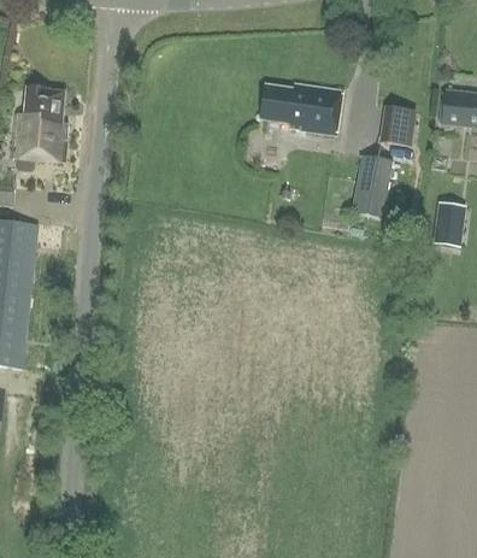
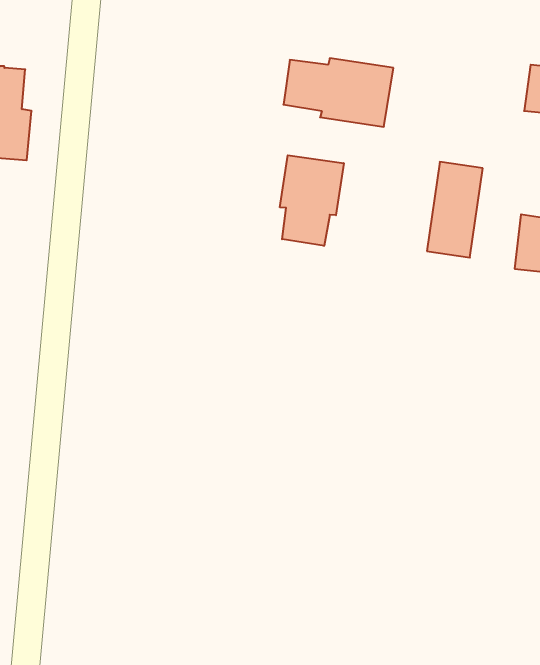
building: [378,105,416,145] -> none
building: none -> [280,155,344,246]

